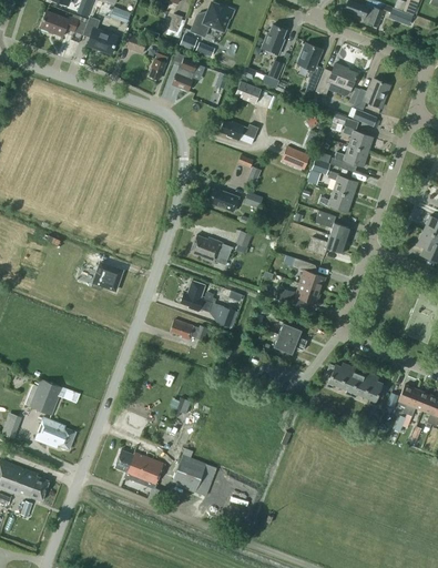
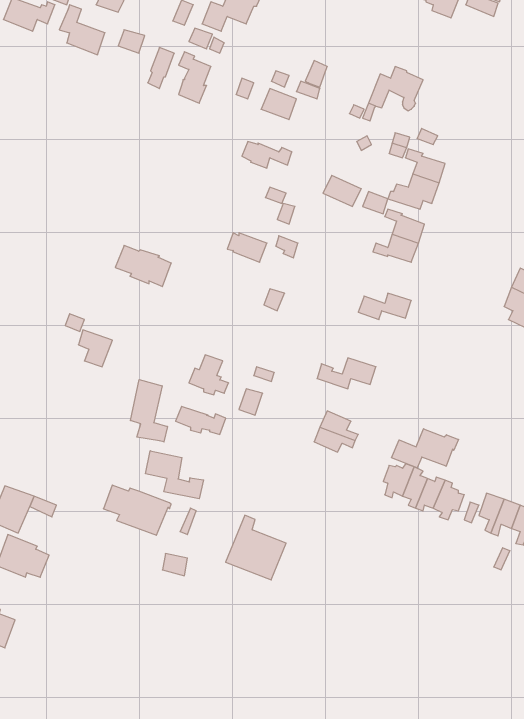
building: [261,24,286,54] -> none
building: [297,42,323,84] -> none
building: [353,79,389,110] -> none
building: [315,210,352,240] -> none
building: [190,234,232,265] -> [115,245,171,287]
building: [292,257,325,290] -> none
building: none -> [130,380,167,442]
building: none -> [392,429,459,468]
building: none -> [146,451,204,499]
building: [171,447,216,496] -> [226,515,286,580]
building: [114,449,165,487] -> [103,485,171,535]

